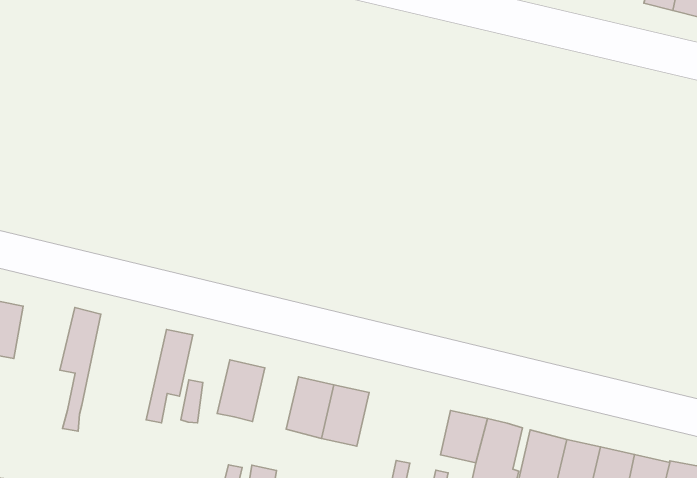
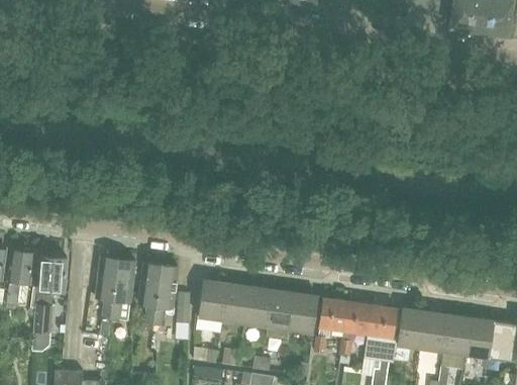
building: none -> [110,259,135,321]
building: none -> [137,262,161,330]
building: none -> [221,284,248,322]
building: none -> [290,294,318,332]
building: none -> [319,297,348,330]

